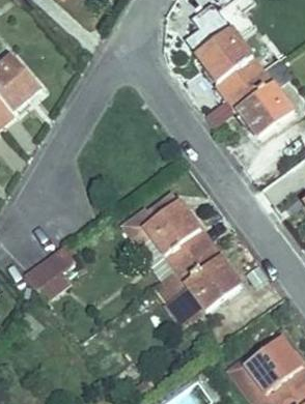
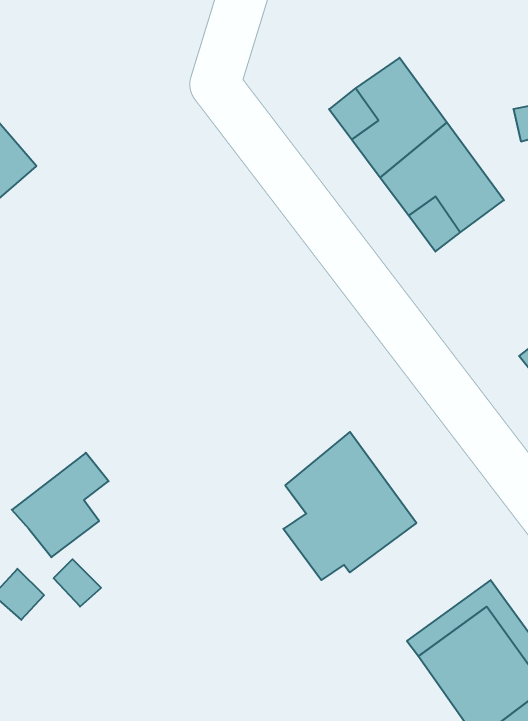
building: [110,193,196,267] -> none

